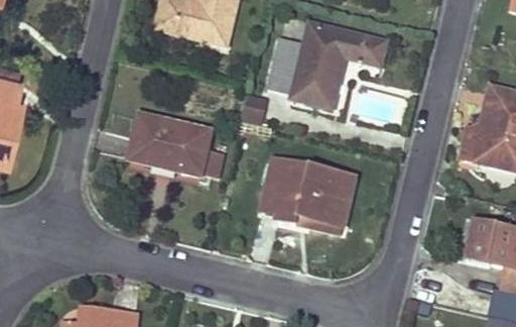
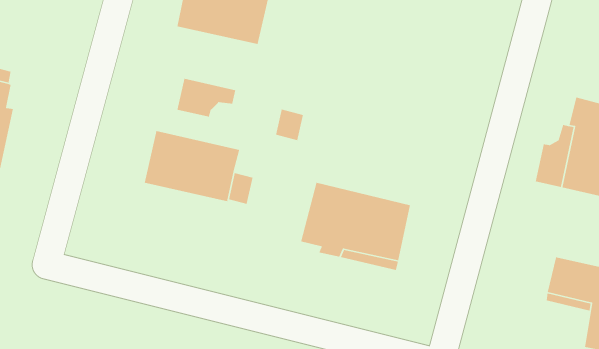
building: [265,22,386,107] -> none
building: none -> [177,78,236,118]

